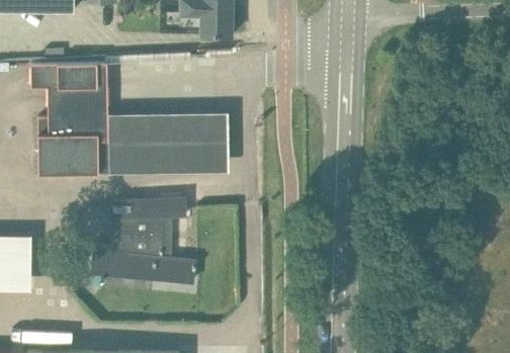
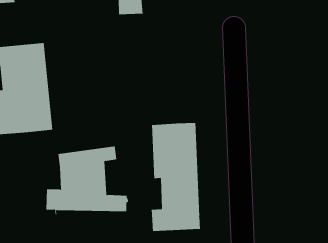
building: [108,117,228,178] -> none
building: none -> [151,122,201,232]

